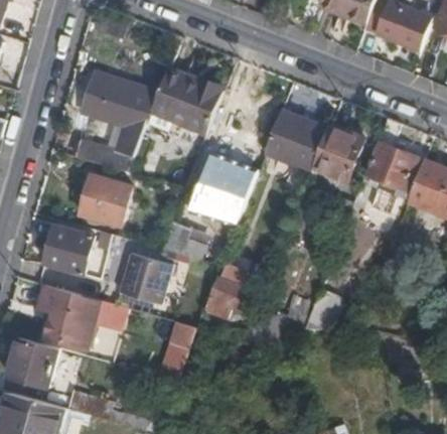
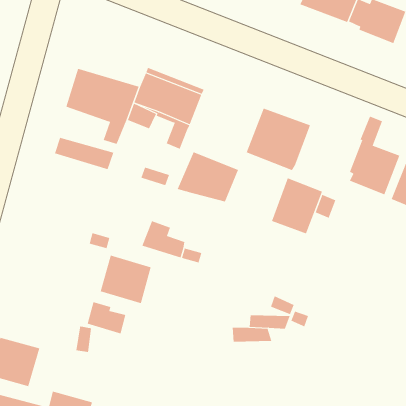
building: [311,124,362,180] -> [271,177,323,234]
building: [78,173,131,225] -> none
building: [197,193,242,224] -> none
building: [43,224,92,274] -> none
building: [203,283,252,312] -> none
building: [52,288,100,347] -> none
building: [159,320,196,377] -> none

